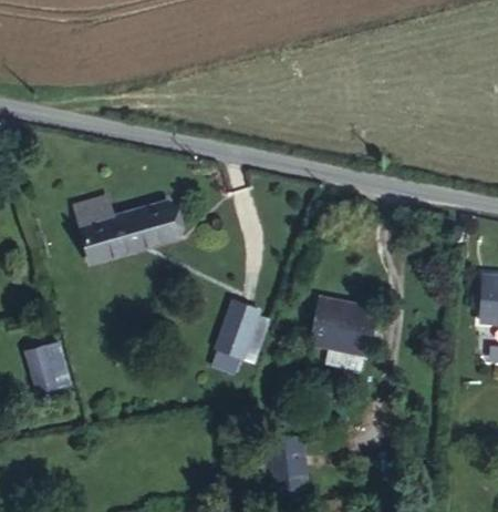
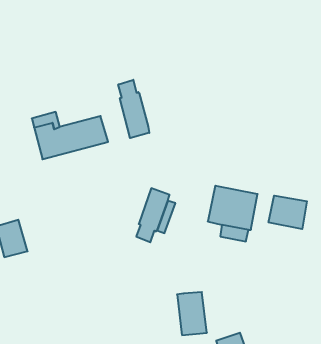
building: none -> [118,80,149,138]
building: none -> [269,196,307,229]

